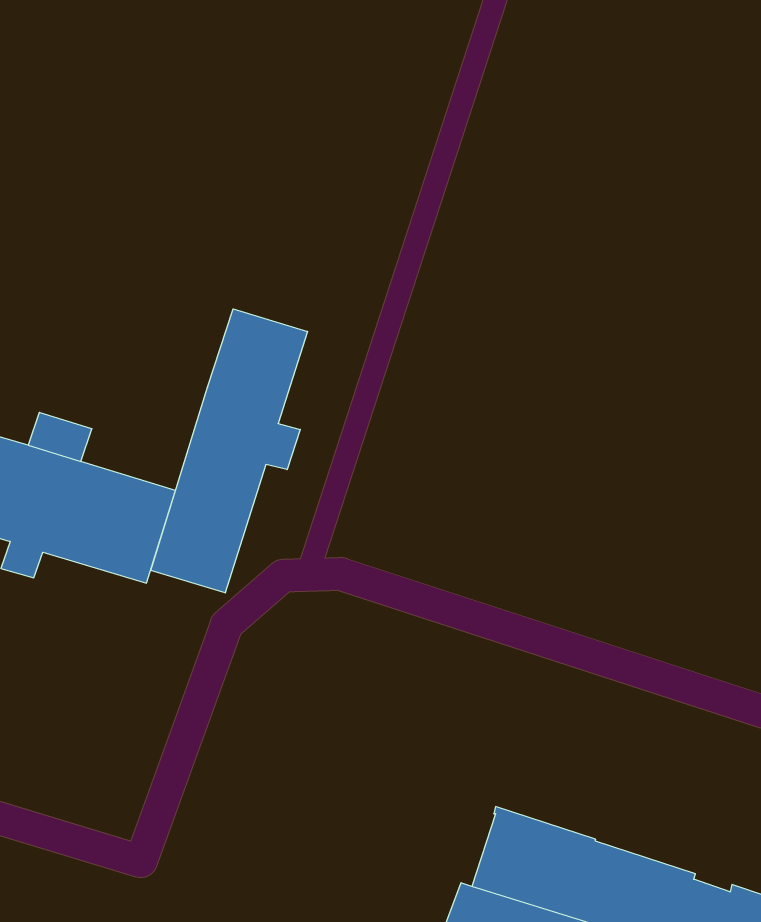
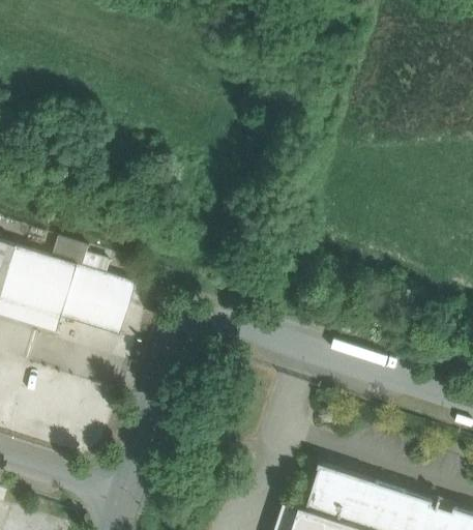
building: [151,309,308,593] -> none

